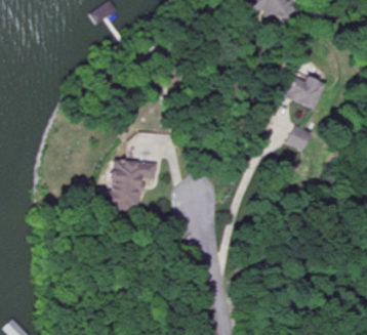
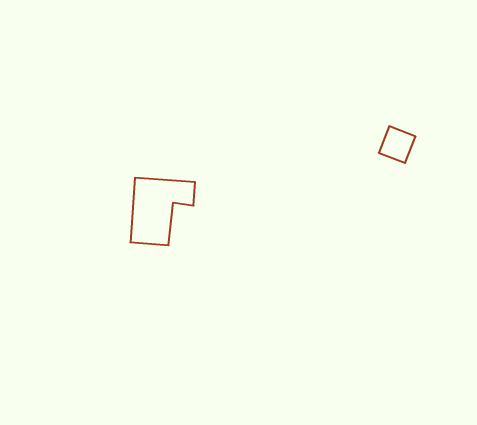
building: [285,74,325,110] -> none

